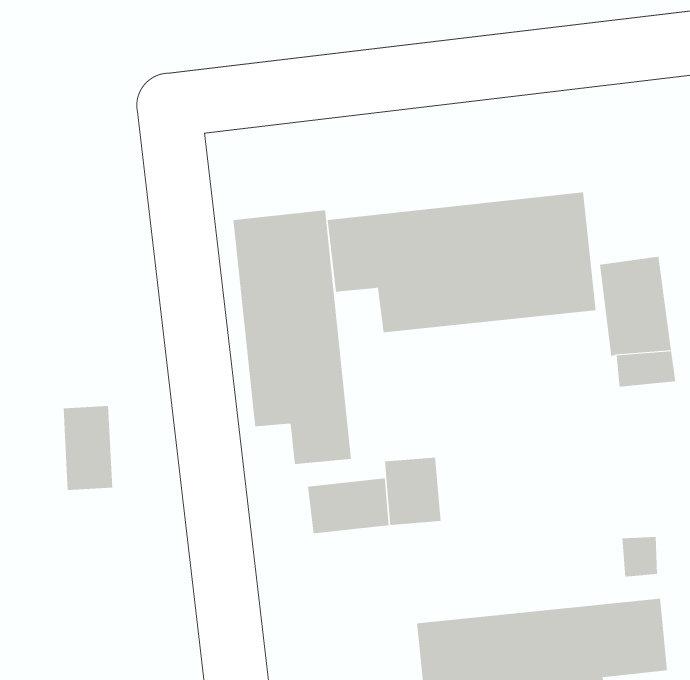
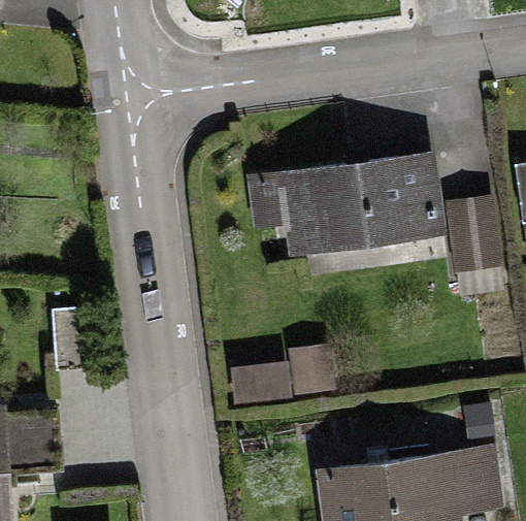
building: [233,210,352,465] -> none

